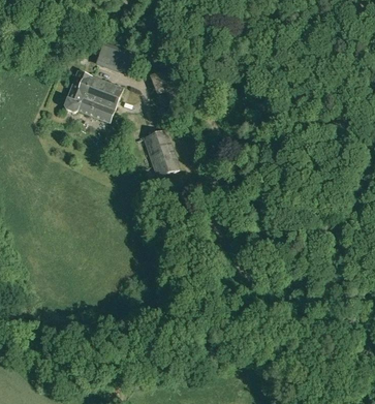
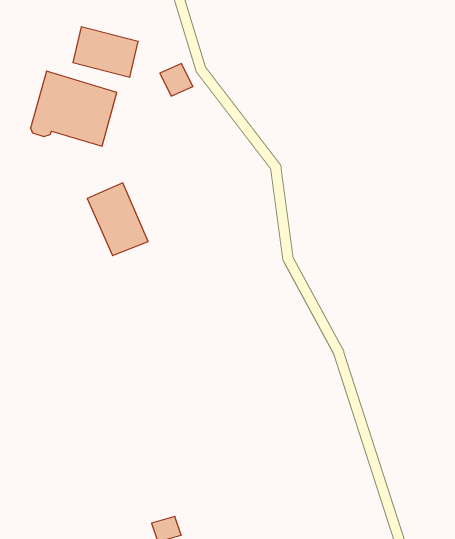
building: [143,129,180,176] -> [87,183,148,256]

